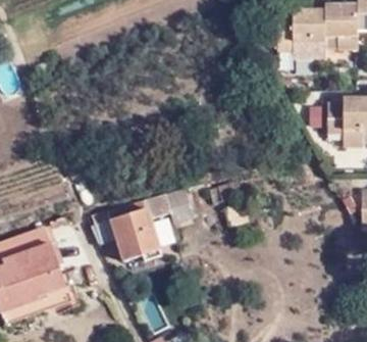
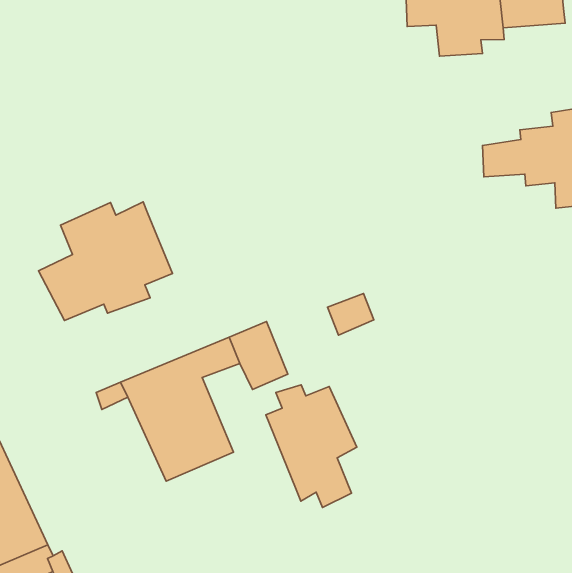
building: none -> [39,202,173,320]
building: none -> [266,385,357,508]

